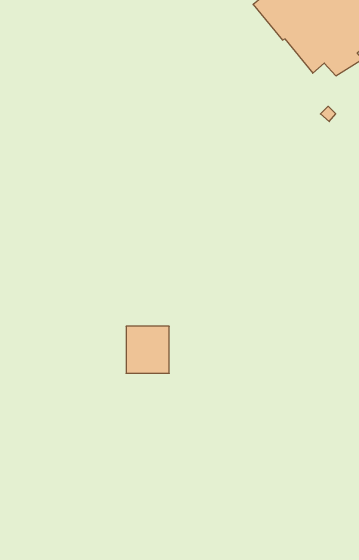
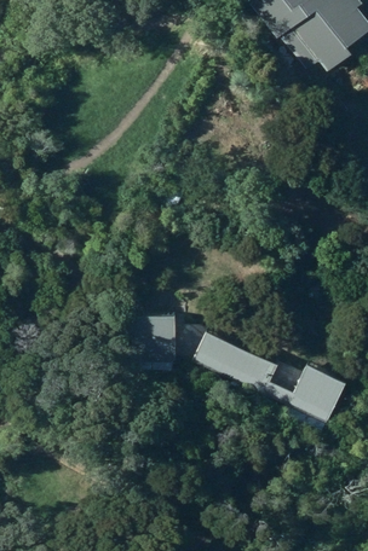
building: none -> [191,329,339,416]

